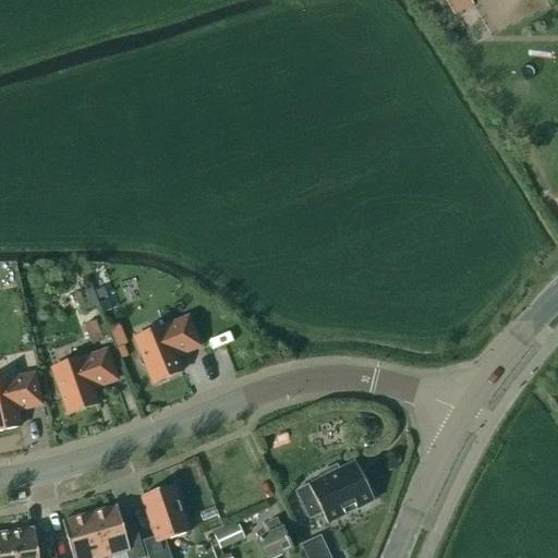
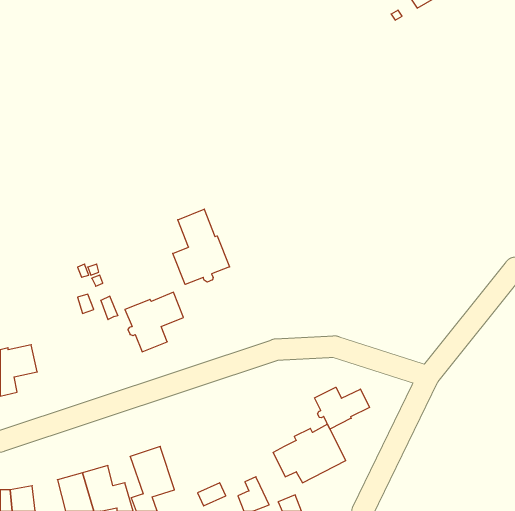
building: none -> [173,209,230,284]
building: [54,353,117,415] -> none
building: none -> [315,387,370,429]

